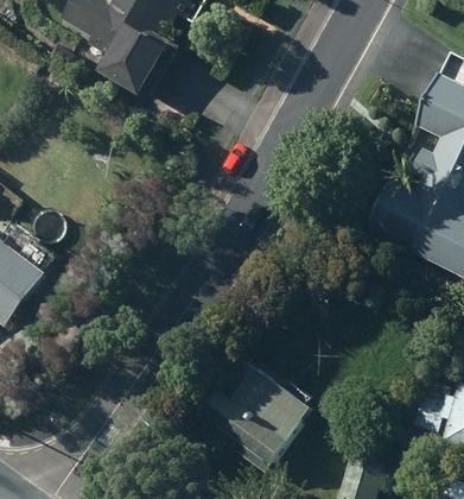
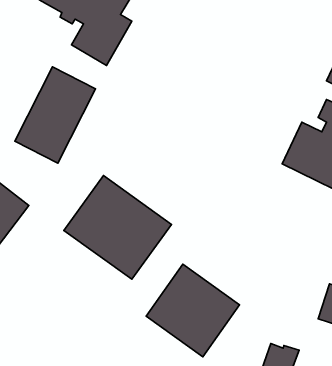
building: none -> [15,67,96,163]
building: none -> [64,176,171,279]

